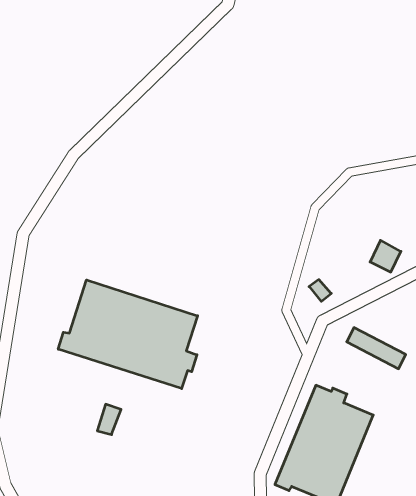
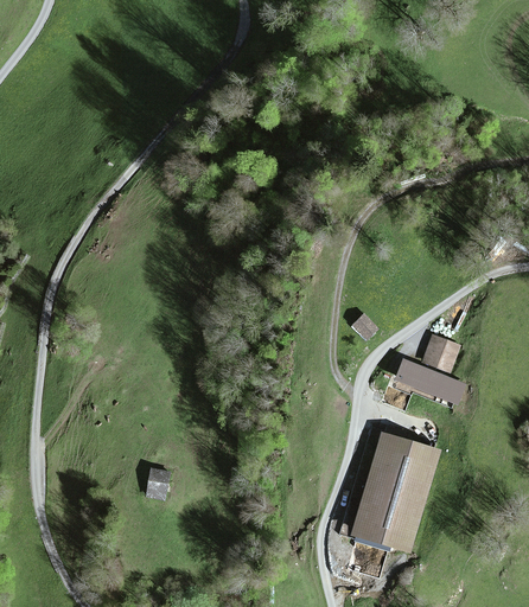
building: [370,240,401,272] -> [429,339,460,371]
building: [58,280,198,389] -> none

